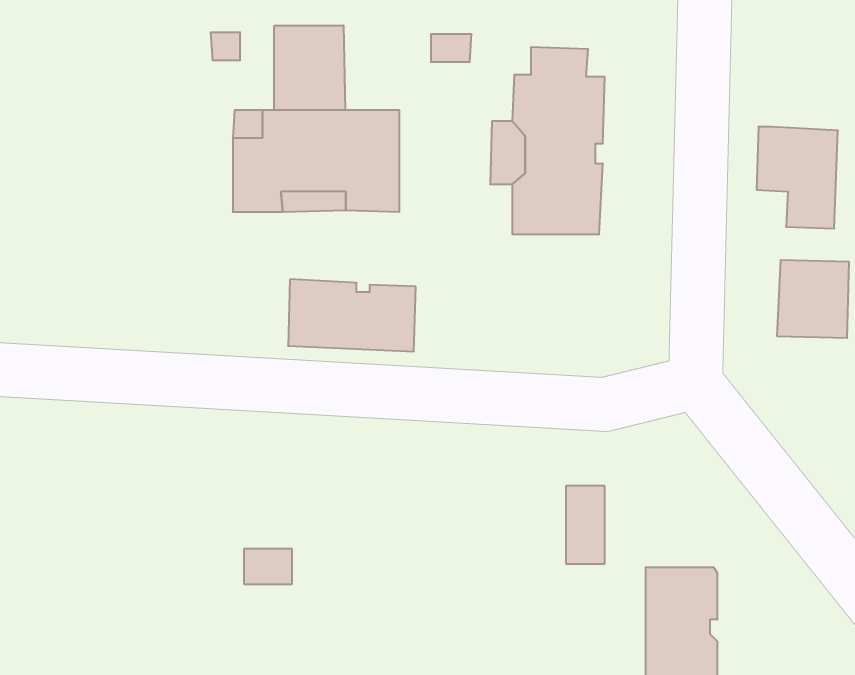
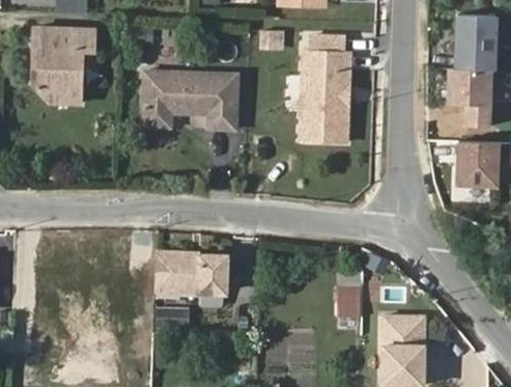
building: [274,25,345,110] -> none
building: none -> [453,17,493,75]
building: none -> [39,25,98,99]
building: [288,279,416,351] -> [151,253,223,294]

